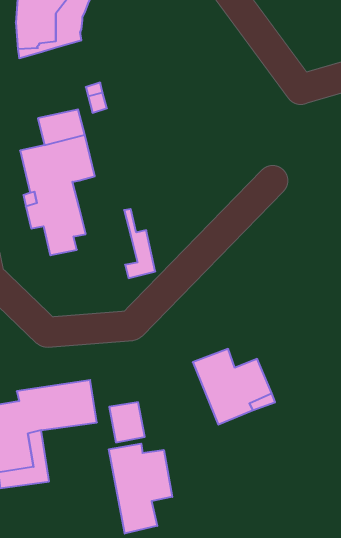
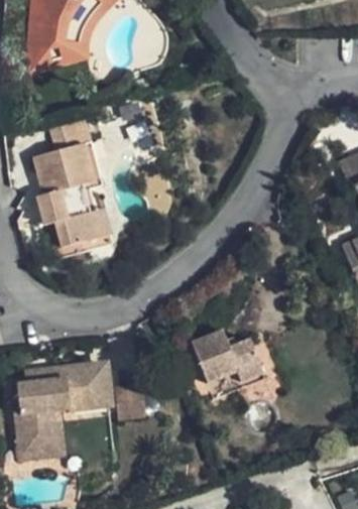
building: [124,209,155,278] -> [82,182,110,245]
building: [109,444,172,534] -> none

